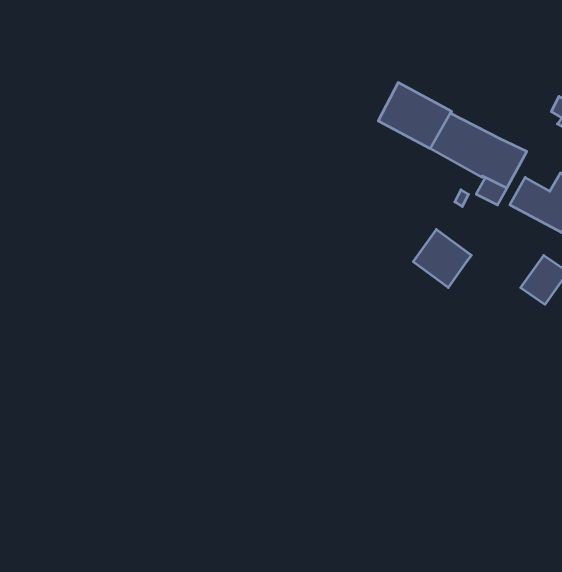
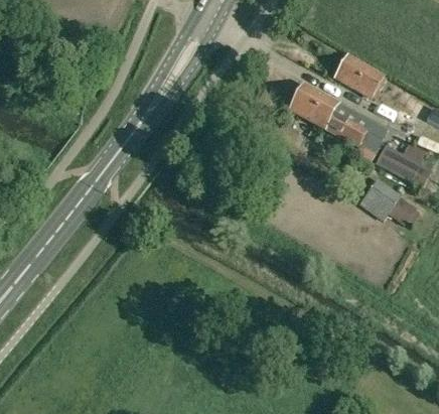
building: none -> [339,56,381,94]
building: [413,229,471,288] -> [361,180,400,219]

